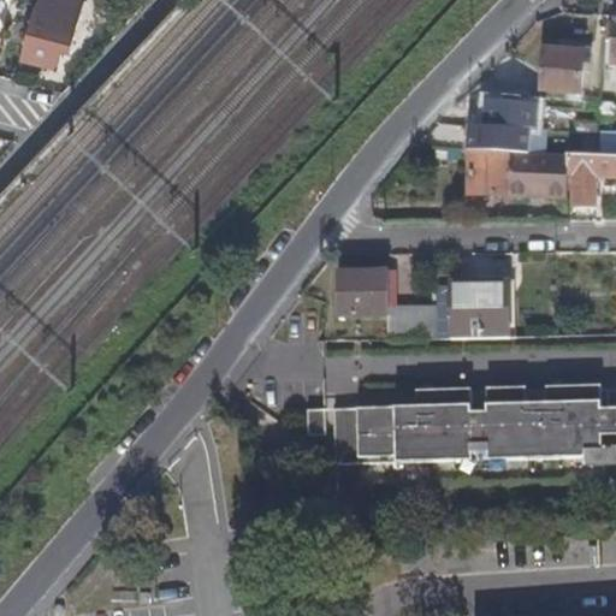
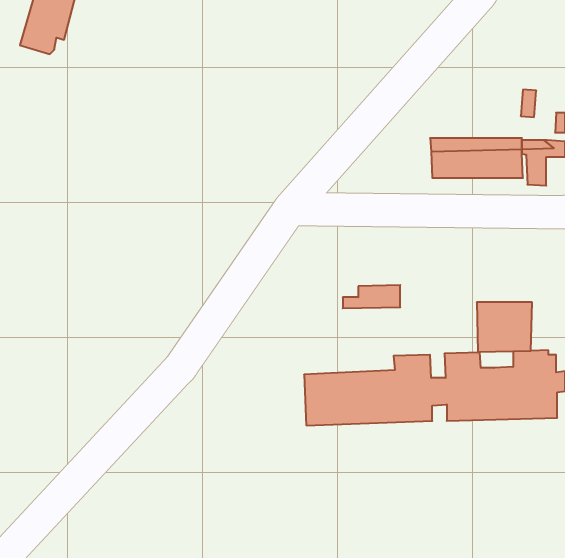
building: [540,42,584,85] -> none
building: [467,101,538,150] -> none
building: [339,266,389,310] -> none
building: [450,280,510,334] -> [477,302,532,352]

